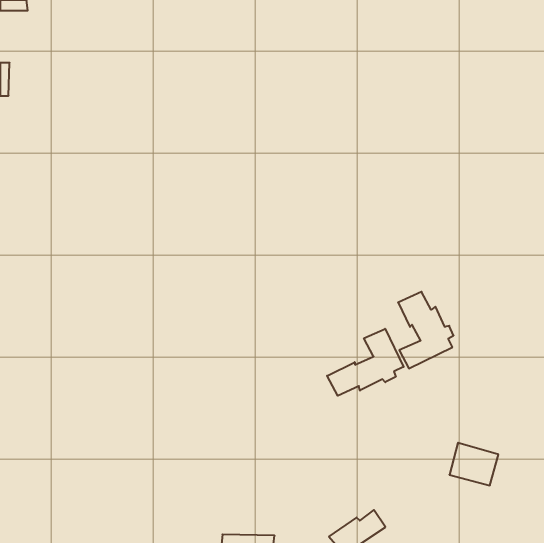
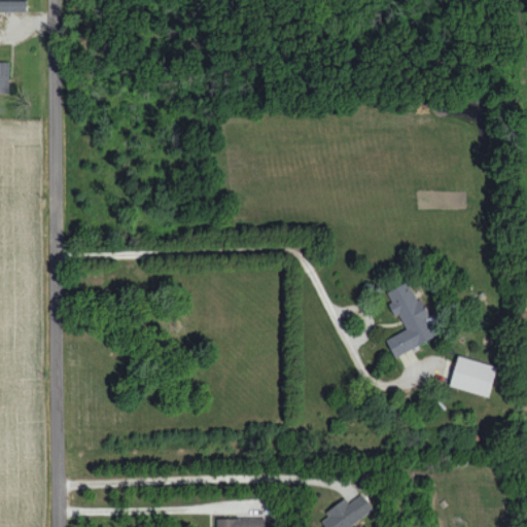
building: [327,329,404,396] -> none
building: [449,443,498,485] -> [450,356,497,397]

